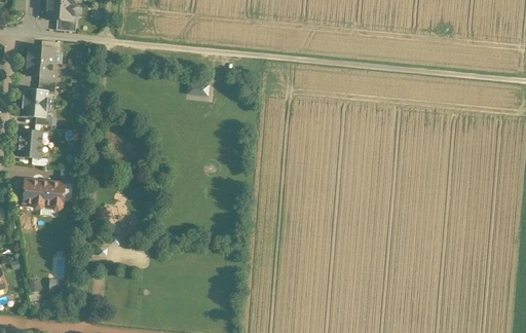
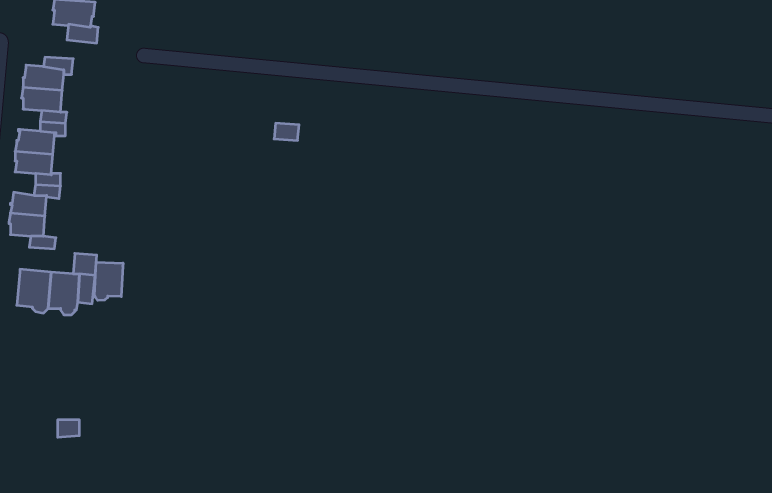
building: none -> [94,262,123,300]

